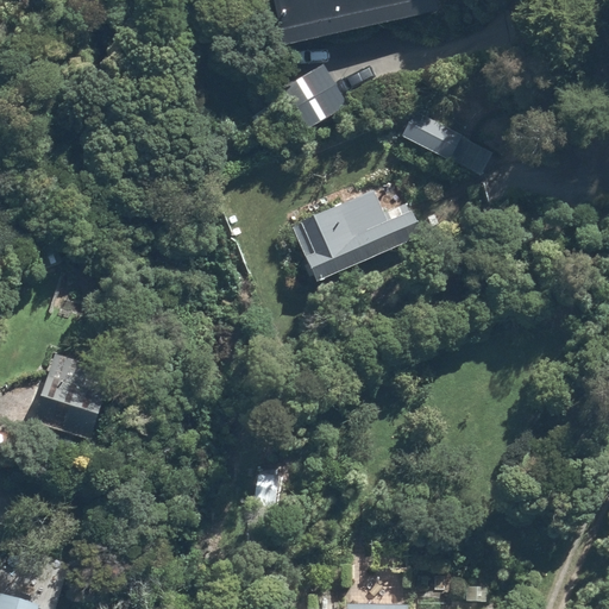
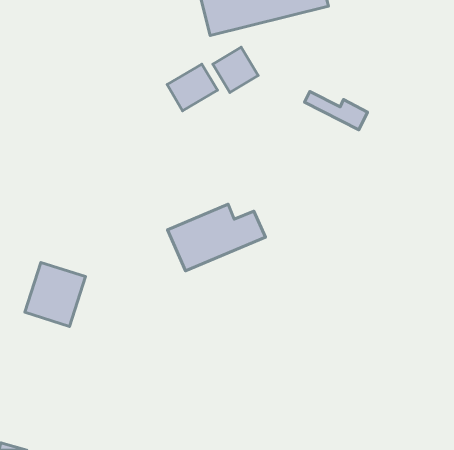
building: none -> [167,64,217,111]
building: [291,189,422,278] -> [168,204,265,271]

